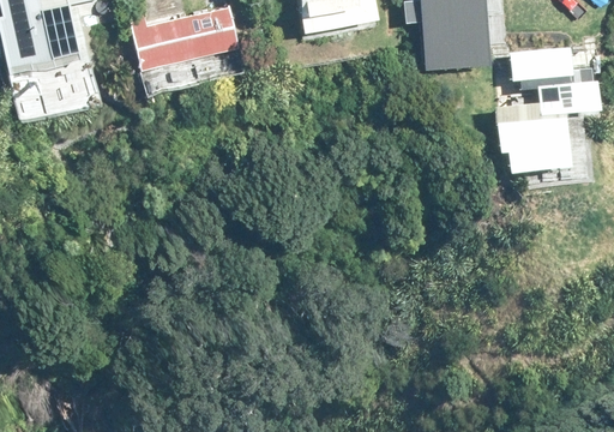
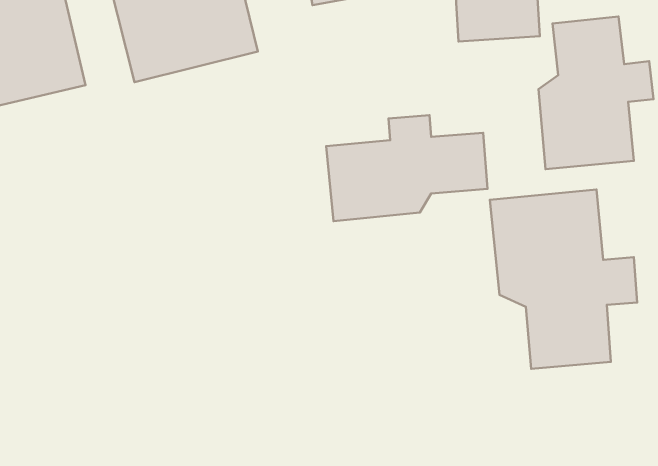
building: none -> [326,115,488,221]
building: none -> [490,190,637,369]

